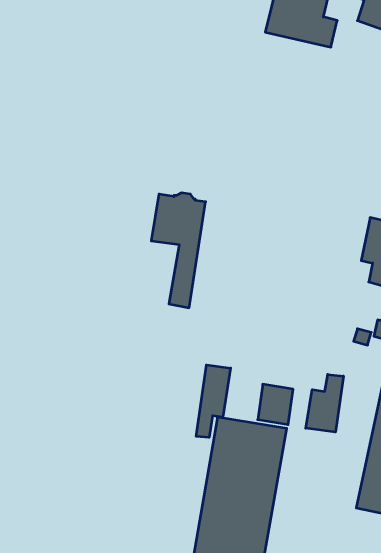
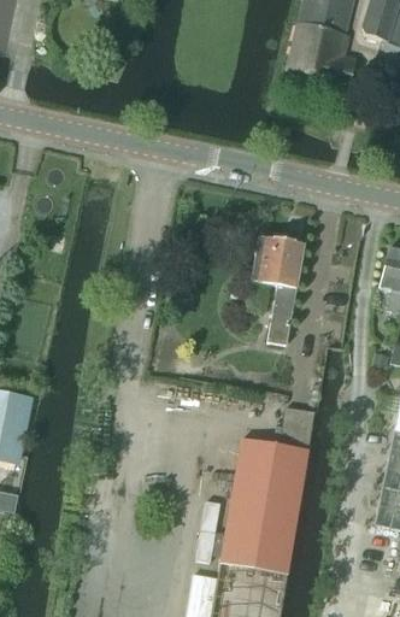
building: [151,193,206,308] -> [251,234,302,343]
building: [196,365,231,437] -> none
building: [306,374,343,432] -> none

